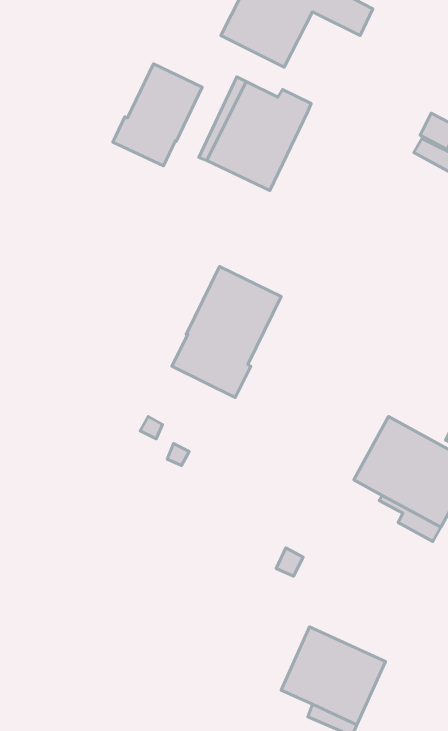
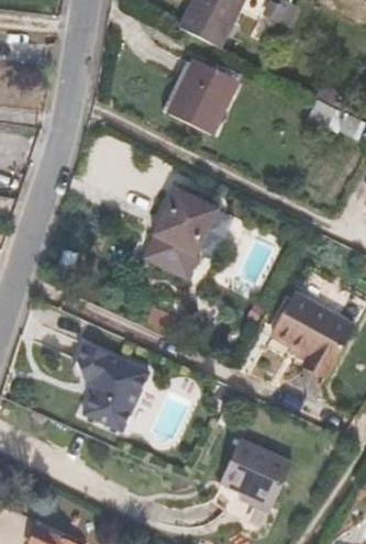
building: [113,64,202,166] -> none
building: none -> [76,342,147,430]

